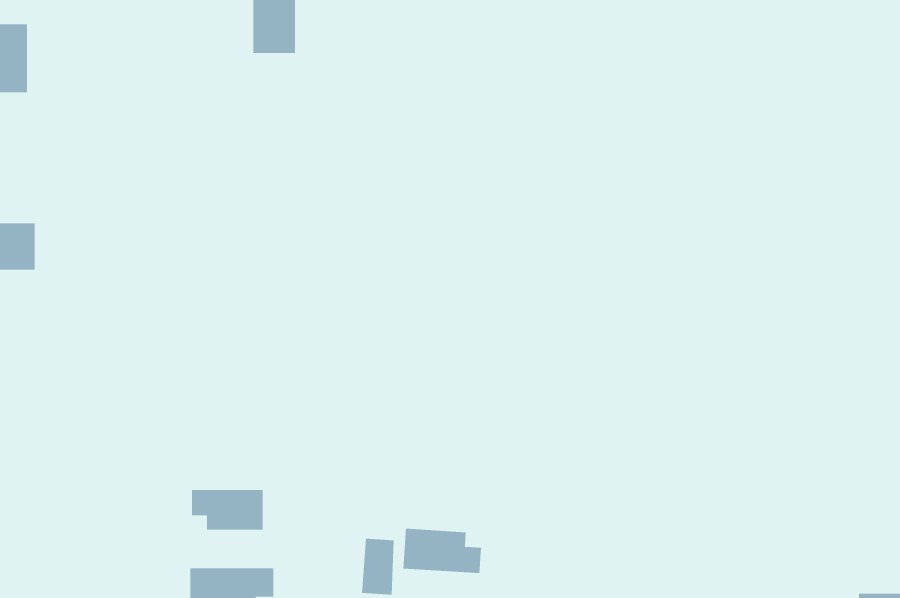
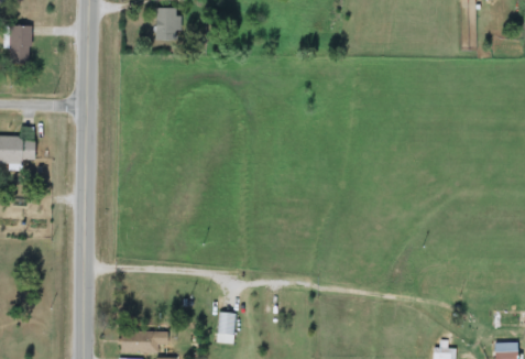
building: [191,489,263,531] -> none
building: [403,528,482,574] -> none

